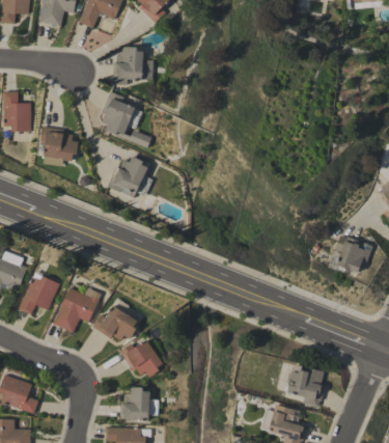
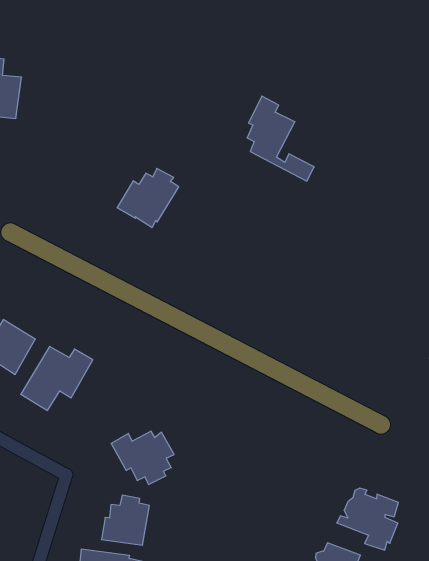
building: [113,47,152,84] -> none
building: [103,91,151,147] -> [247,96,314,181]
building: [40,127,79,160] -> none
building: [92,305,137,340] -> none

